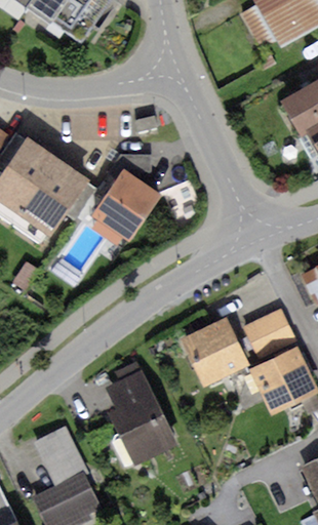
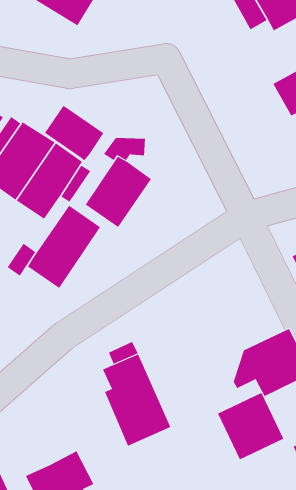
building: none -> [44,105,104,161]
building: none -> [27,205,101,289]
building: [241,309,295,358] -> none
building: [180,319,247,388] -> [217,392,284,460]
building: [33,427,86,485] -> none

